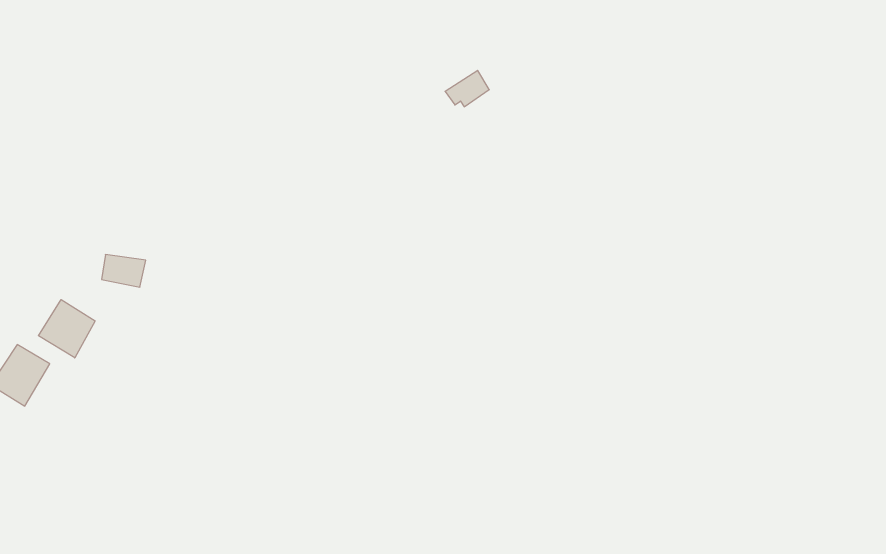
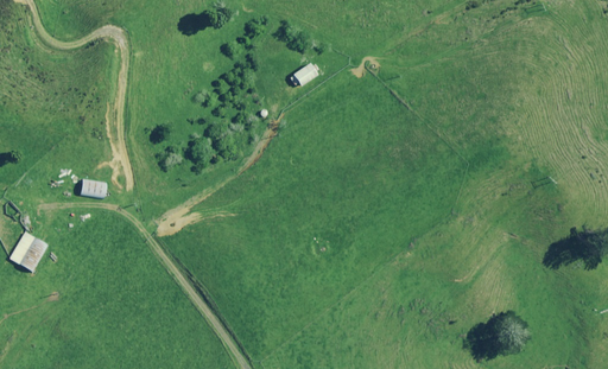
building: [38,300,95,358] -> none

